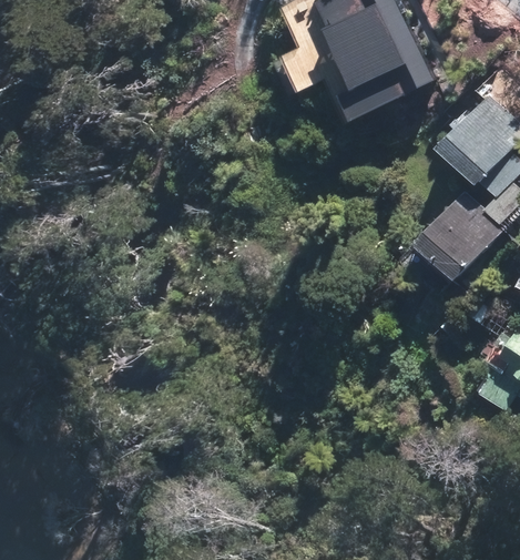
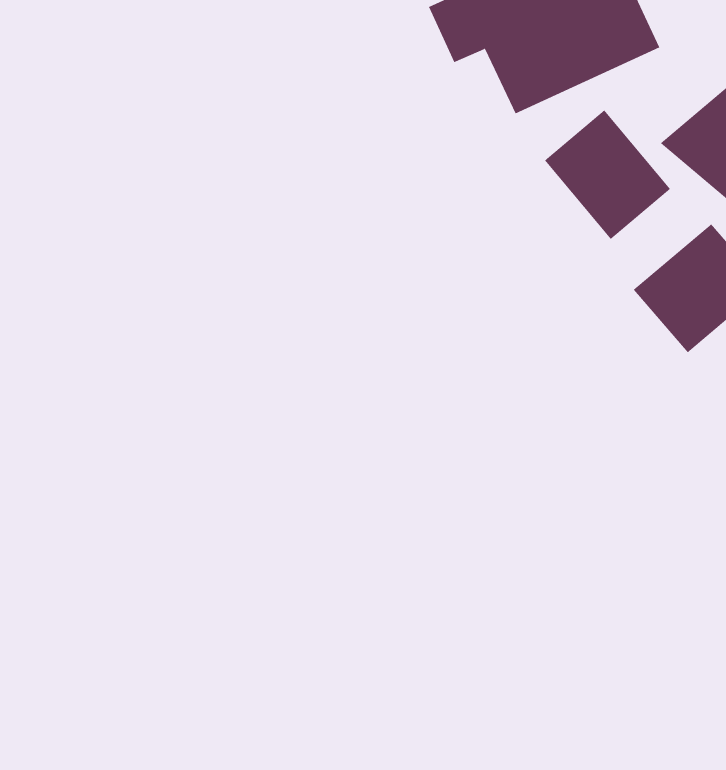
building: none -> [544,109,671,240]

